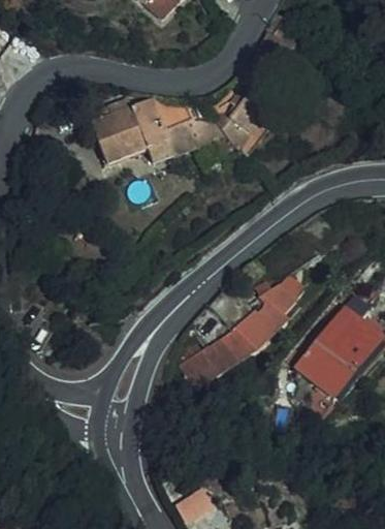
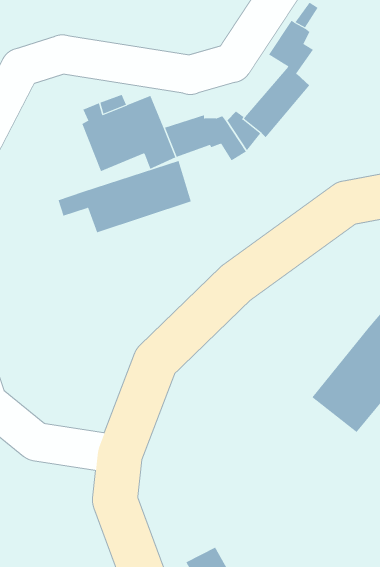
building: none -> [58,160,191,233]
building: [192,282,299,369] -> none

